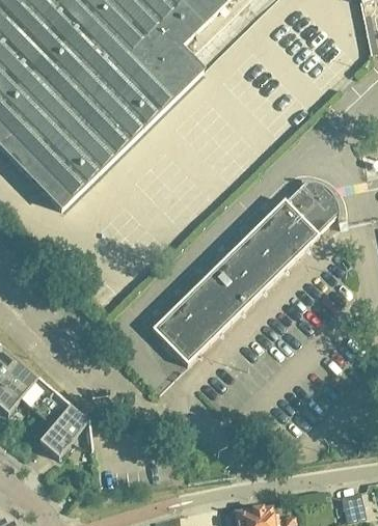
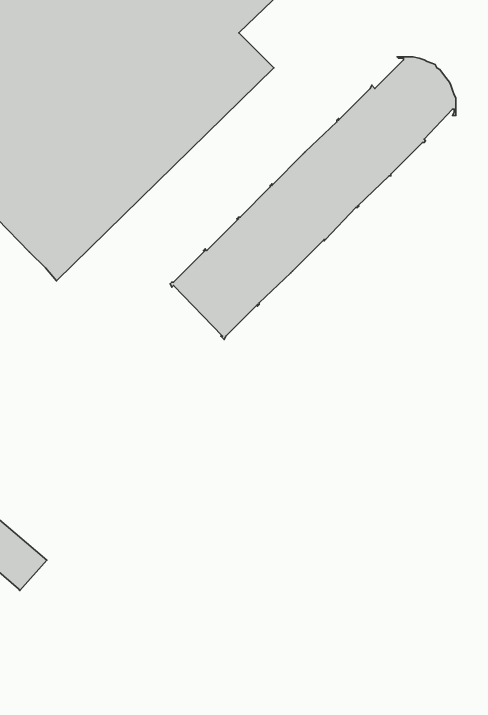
building: [152,179,339,364] -> [170,57,456,339]
building: [36,392,92,458] -> none

